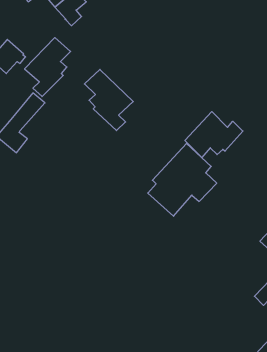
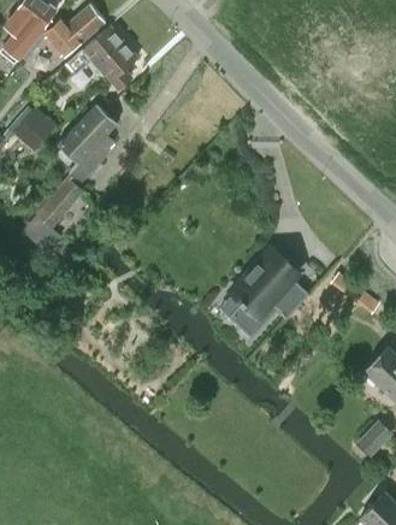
building: [84,69,133,131] -> none
building: [185,112,243,157] -> none

